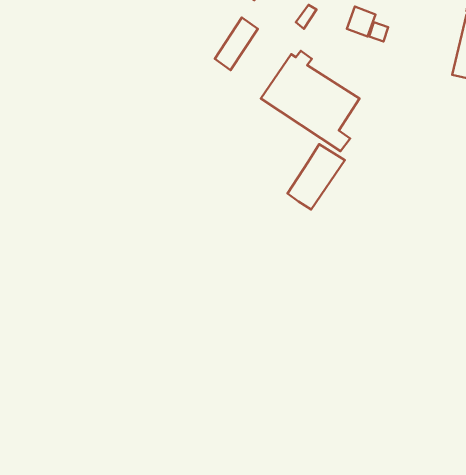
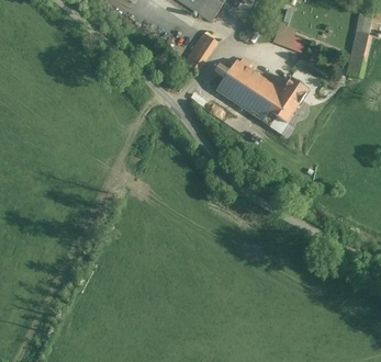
building: [287,144,345,209] -> [269,78,309,123]

